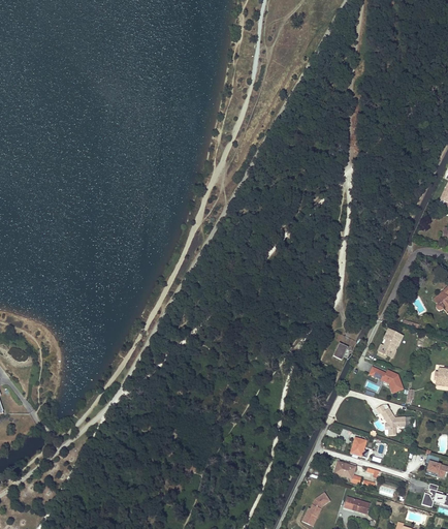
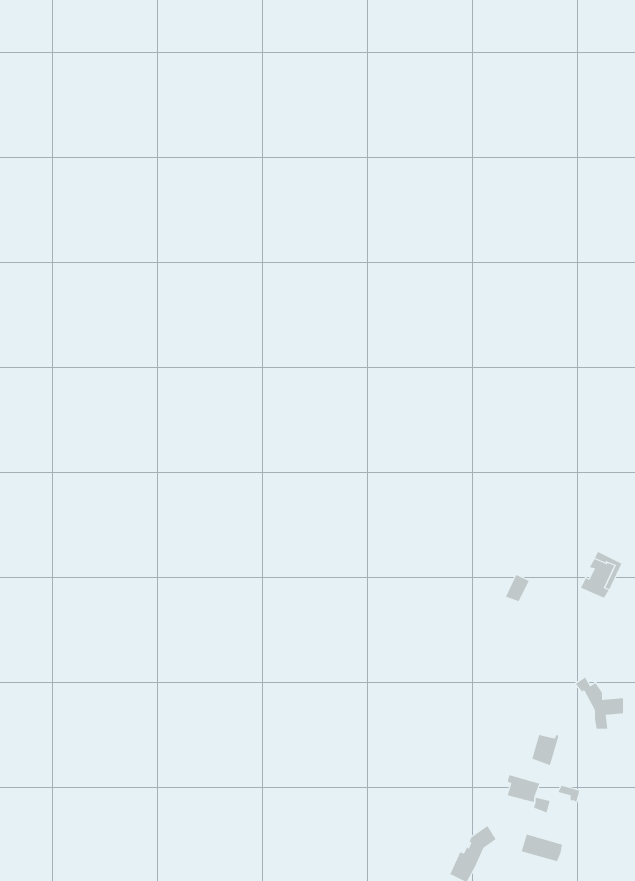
building: [370,367,404,393] -> none

